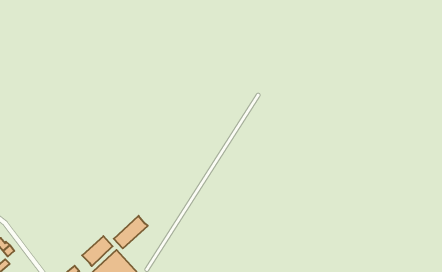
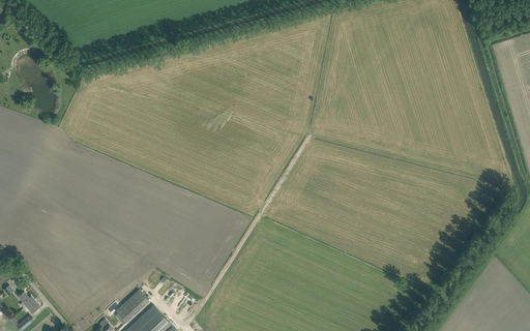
building: [114,216,148,248] -> none

